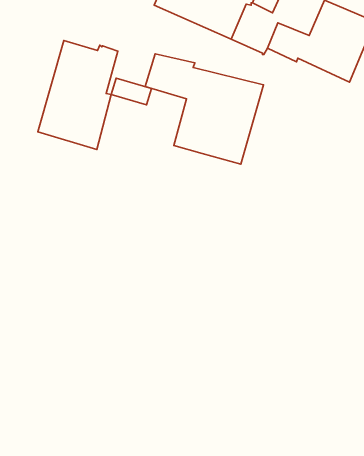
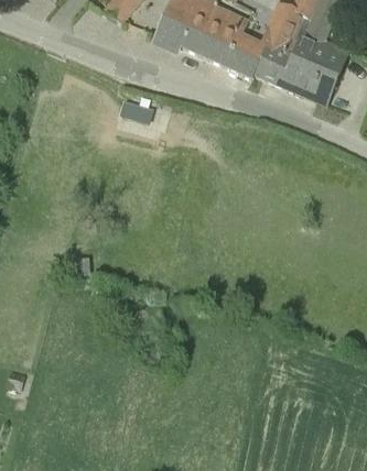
building: [38,40,118,149] -> none
building: [145,54,264,164] -> none

